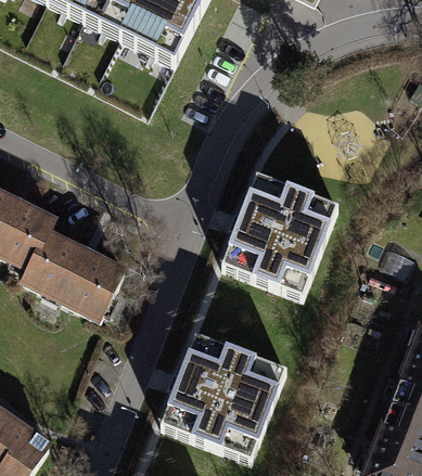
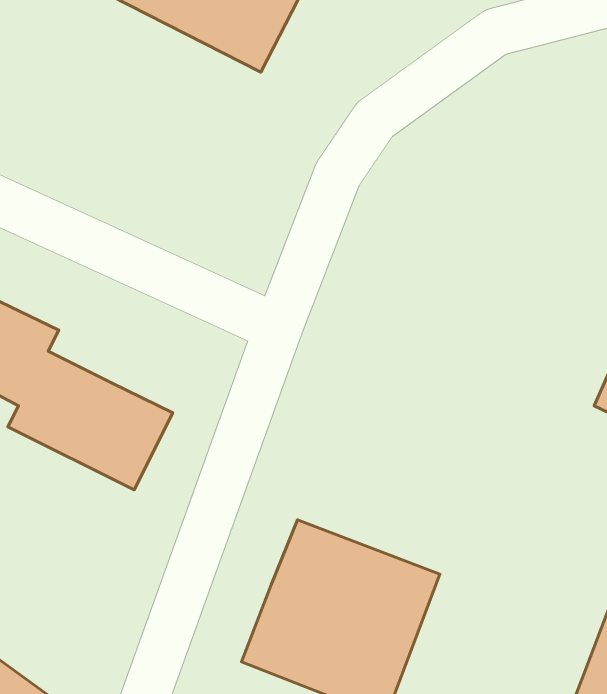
building: [227,177,340,296] -> none

